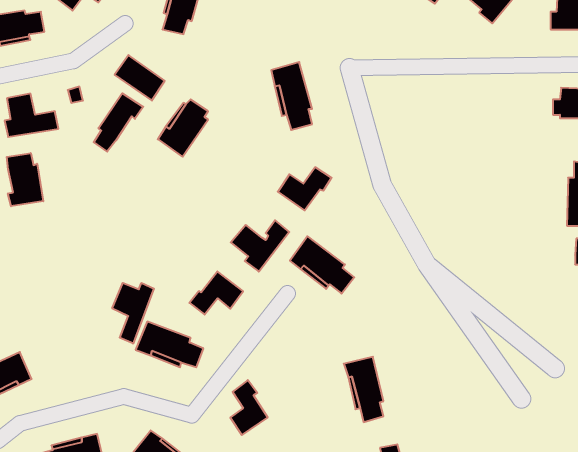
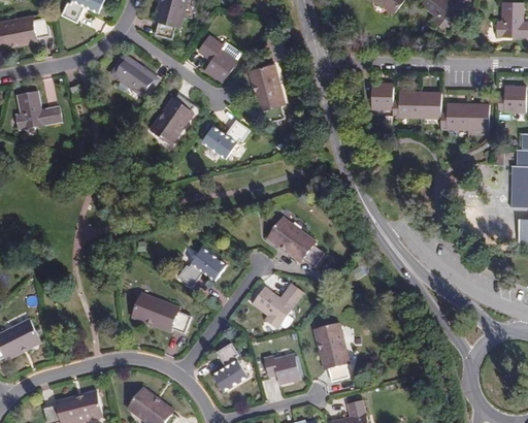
building: none -> [198,36,236,83]
building: none -> [371,83,489,132]
building: [94,93,143,152] -> none
building: [7,153,43,206] -> none
building: [278,167,332,210] -> [202,121,250,159]
building: [231,220,289,272] -> [253,282,304,327]
building: [112,283,154,344] -> none
building: none -> [264,355,299,384]

